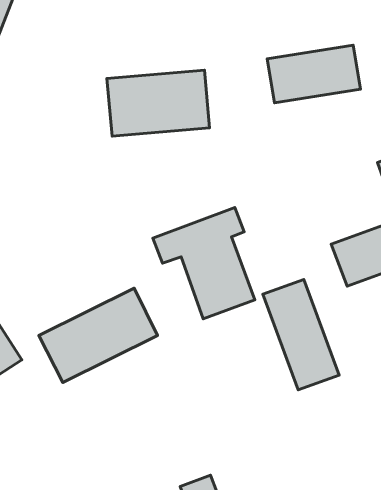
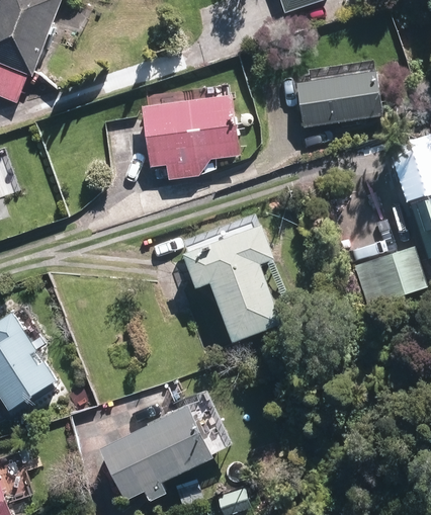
building: [263,279,339,390] -> none
building: [39,288,157,383] -> [100,406,214,497]

